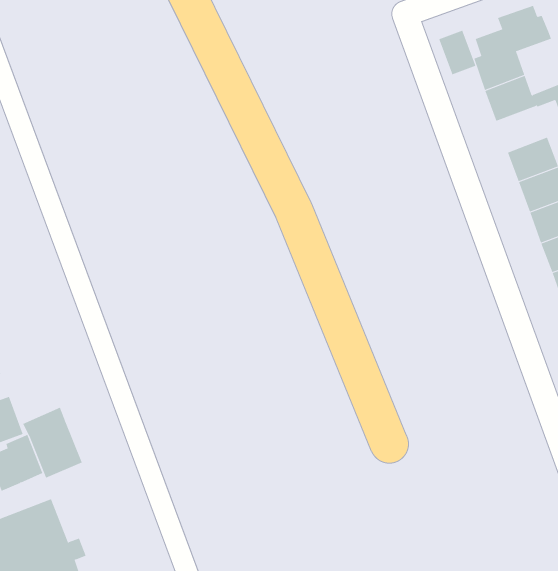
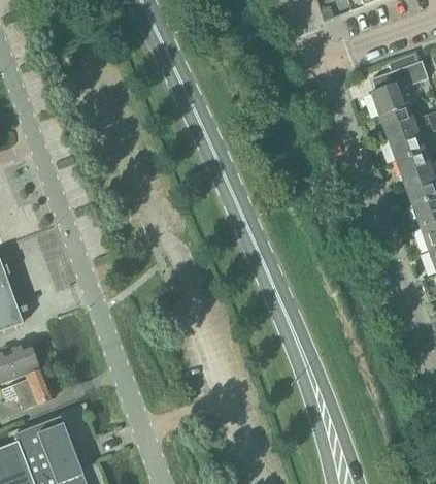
building: [438,30,476,75] -> none
building: none -> [387,127,425,161]
building: [22,407,82,478] -> none

